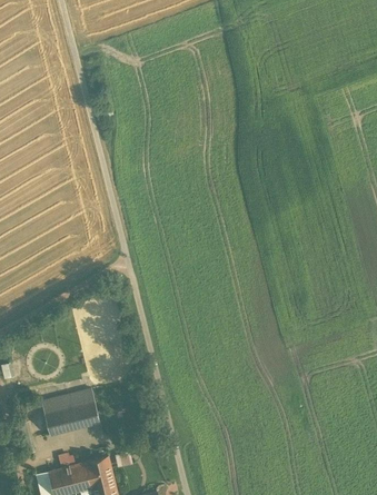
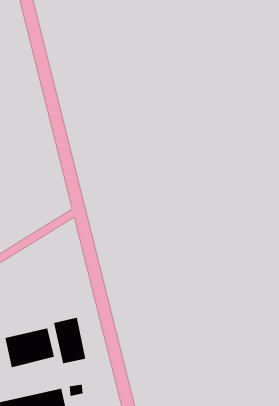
building: none -> [53,317,86,364]

